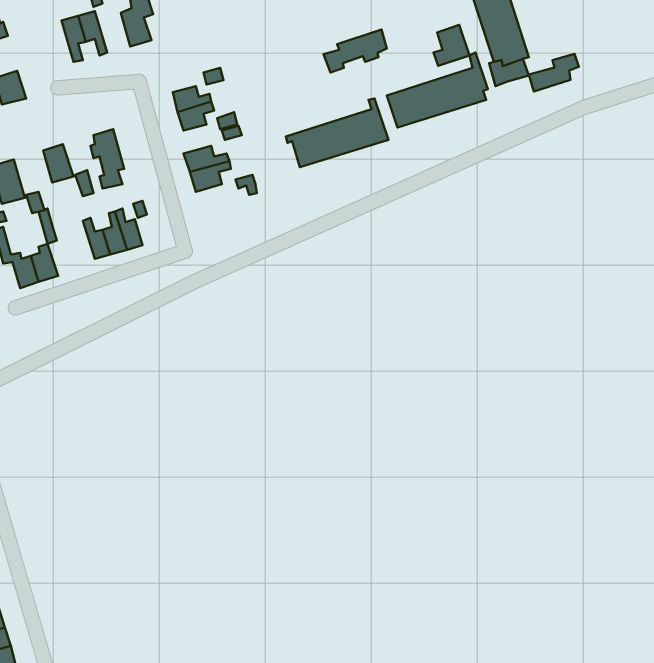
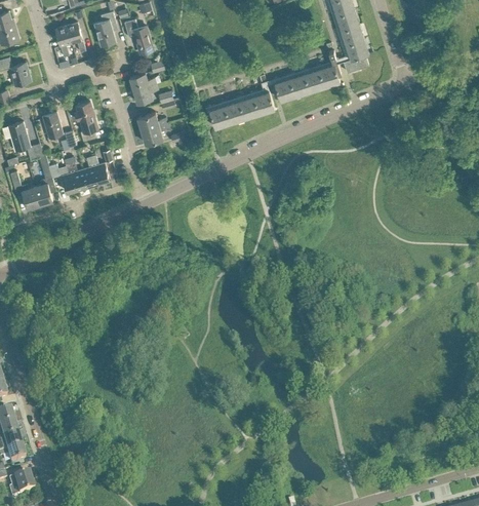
building: none -> [123,20,153,52]
building: [434,25,469,66] -> none
building: [323,29,387,73] -> none
building: [529,54,579,92] -> none
building: none -> [48,163,77,192]

